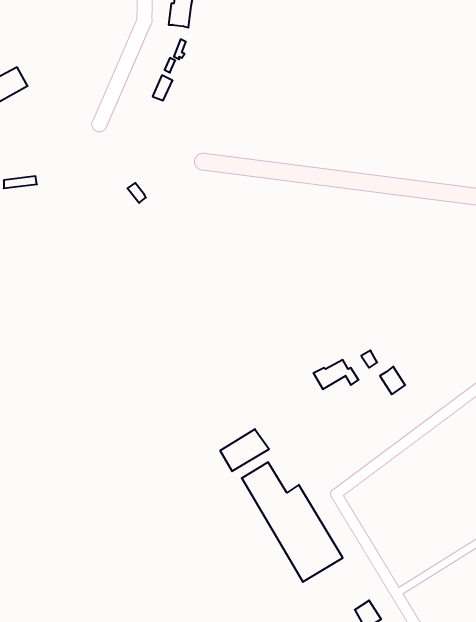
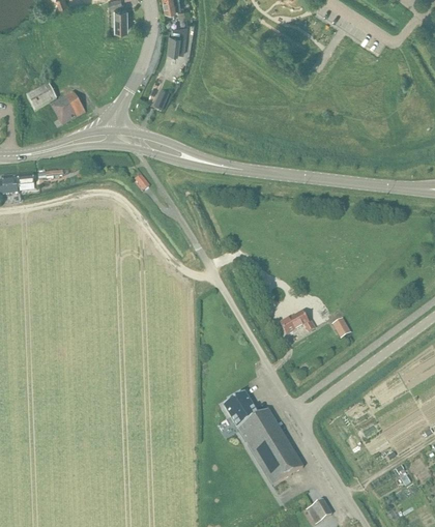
building: none -> [50,89,85,126]
building: [220,429,269,471] -> none

